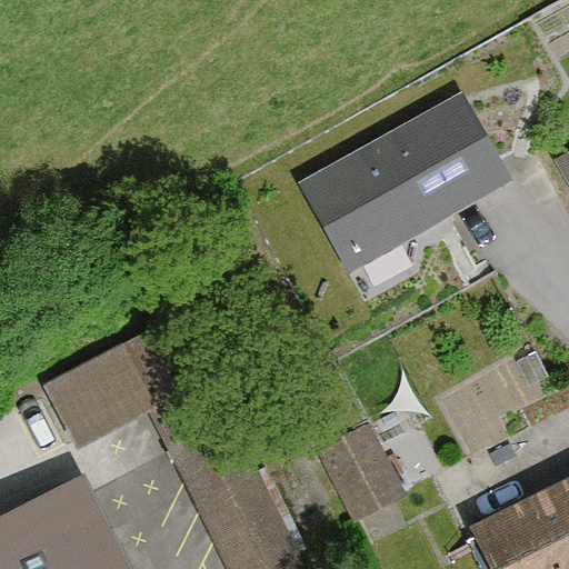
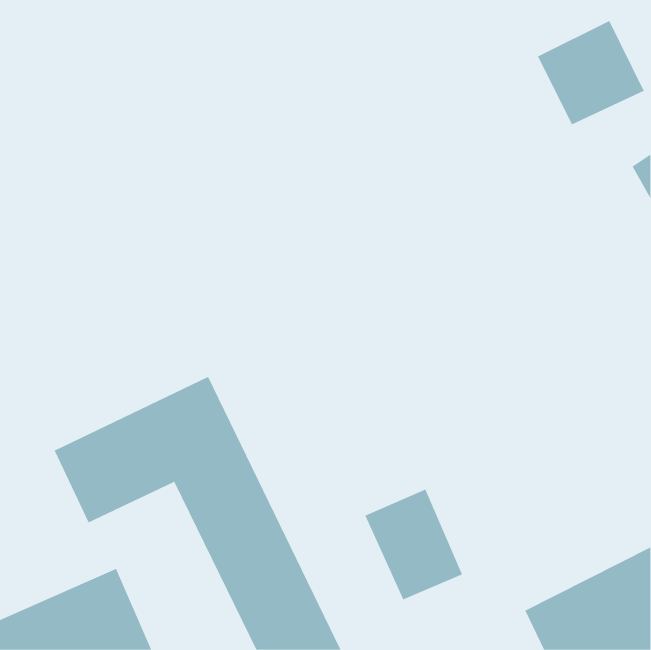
building: none -> [537,20,644,125]
building: [303,99,507,269] -> none

